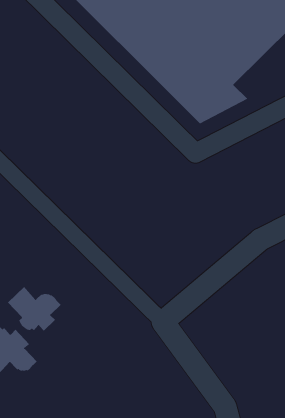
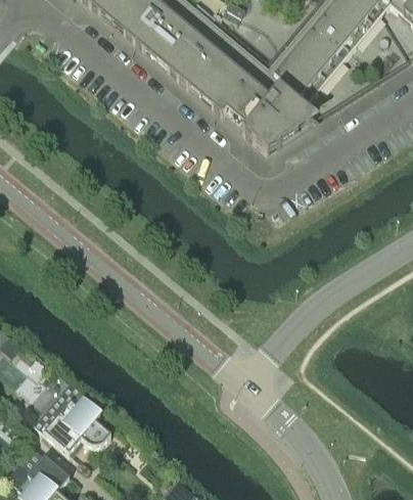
building: [7,286,61,331] -> none

